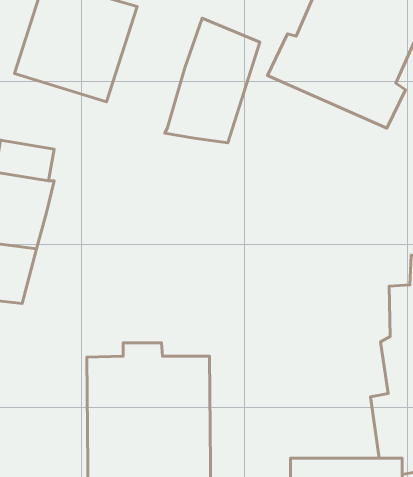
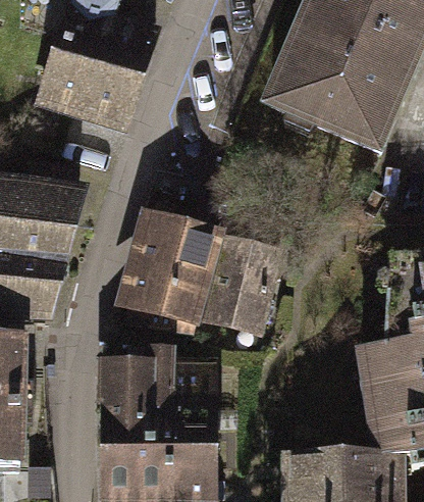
building: [165,18,260,143] -> none
building: none -> [124,221,219,333]
building: none -> [207,240,277,328]

